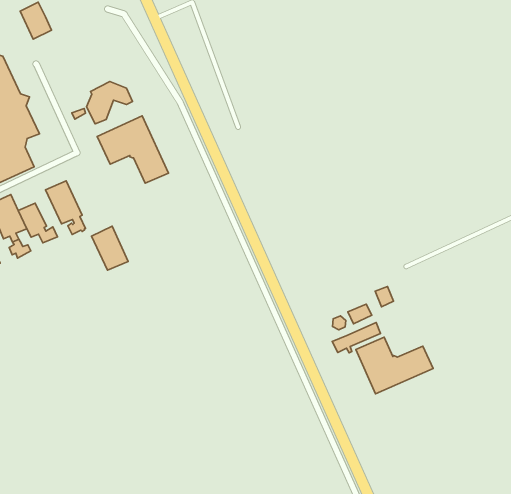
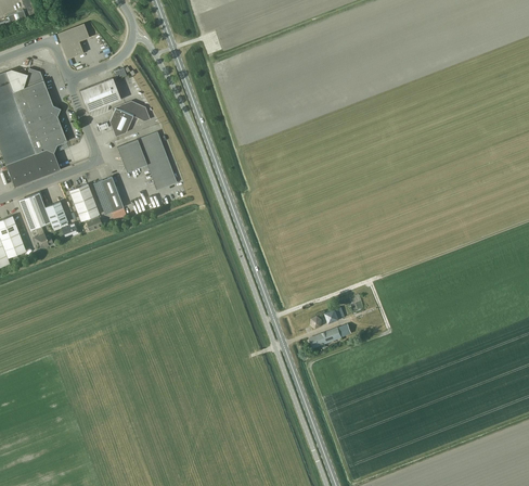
building: none -> [79,78,120,112]
building: [91,226,128,270] -> [93,176,124,214]
building: [356,337,433,394] -> none

